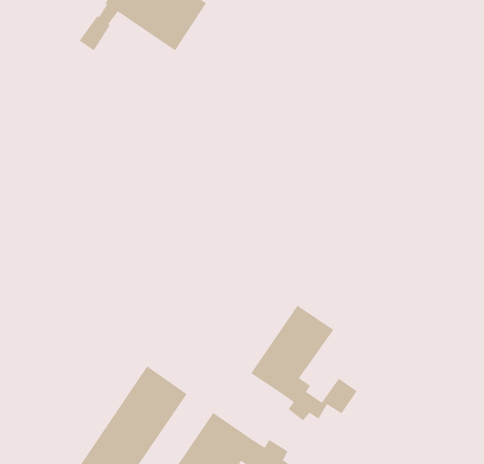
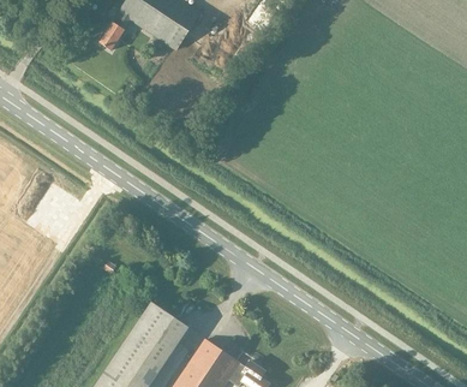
building: [251,305,357,421] -> none

